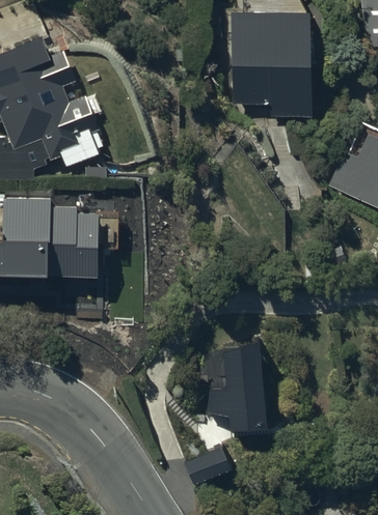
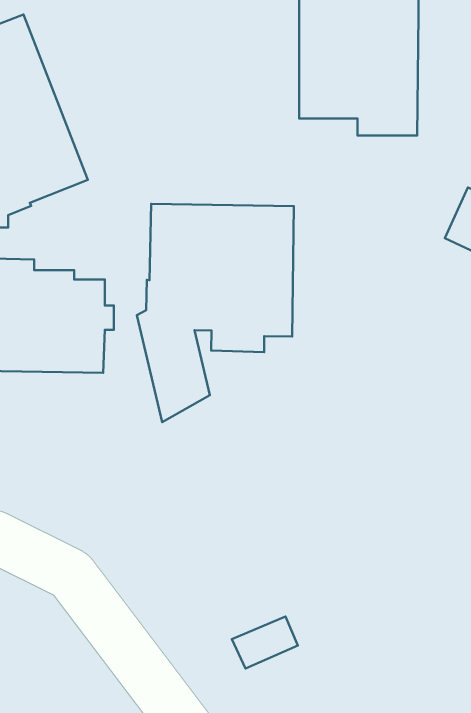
building: none -> [137,204,294,422]
building: [208,324,263,414] -> none

